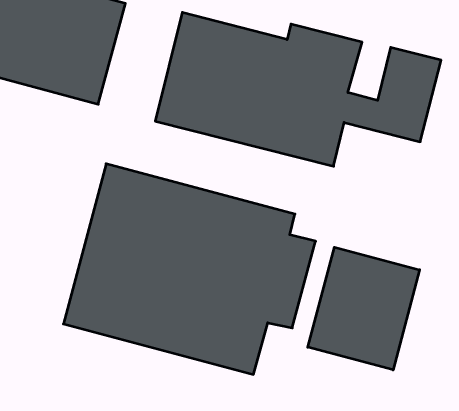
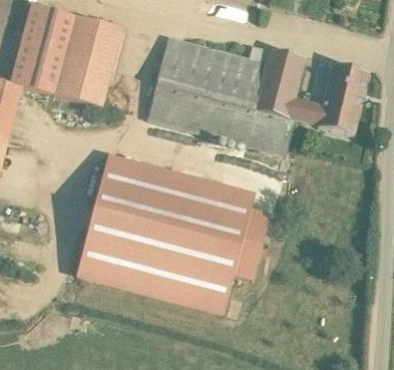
building: [308,247,420,370] -> none

